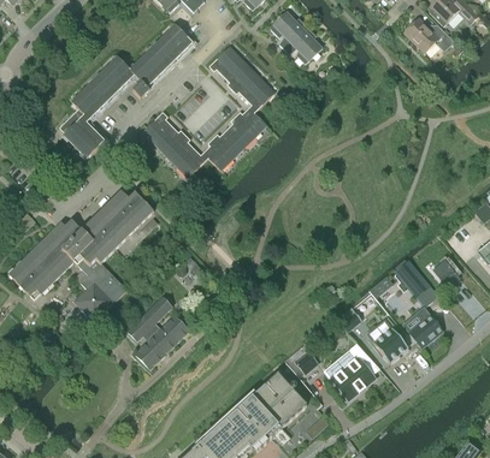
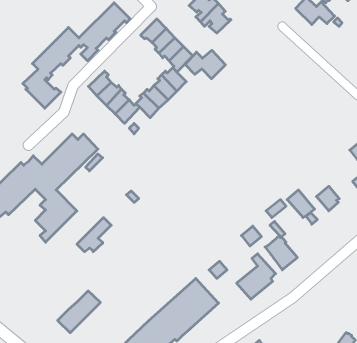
building: none -> [185,50,225,79]
building: [402,307,442,349] -> none
building: [135,316,189,369] -> [58,291,100,333]

